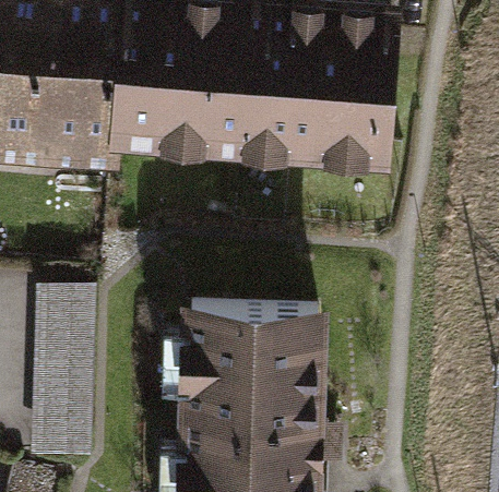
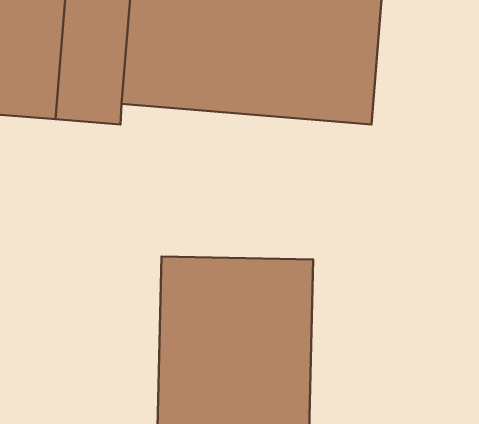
building: [34,288,93,458] -> none

